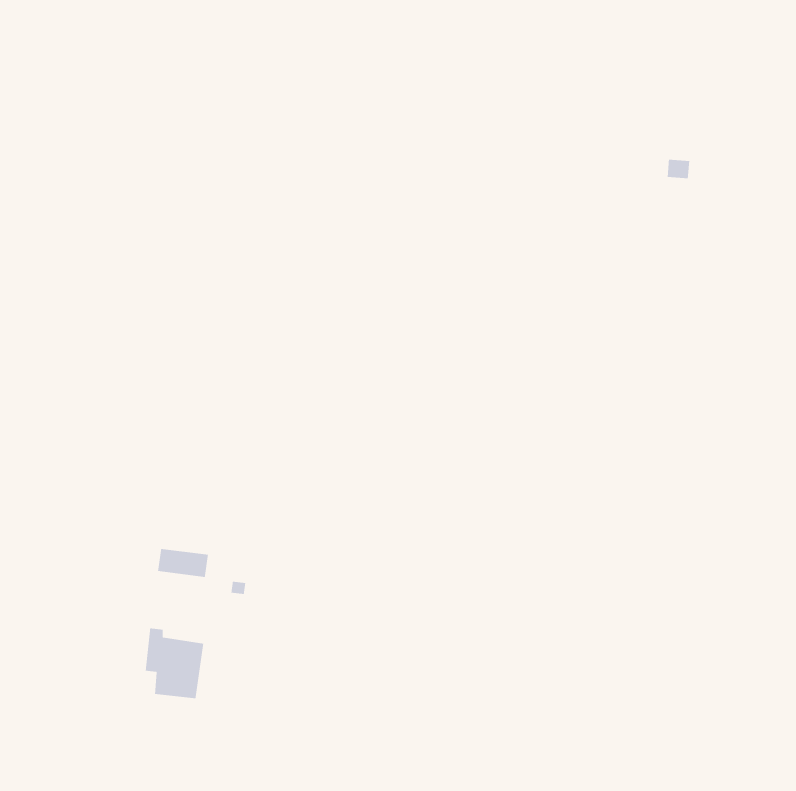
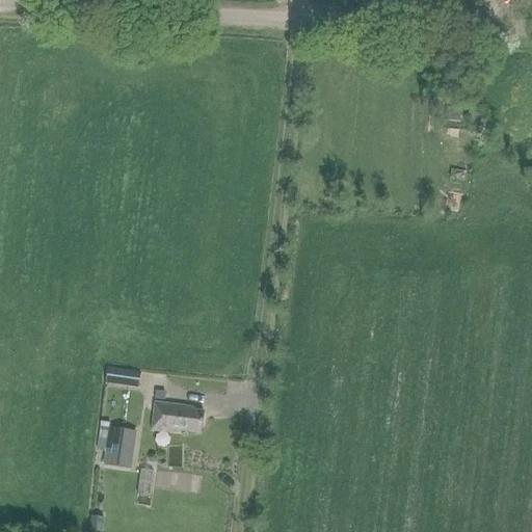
building: none -> [152,400,203,431]

